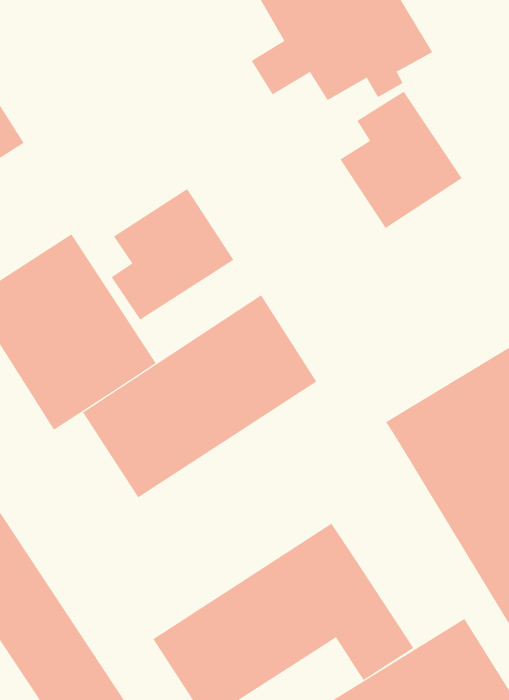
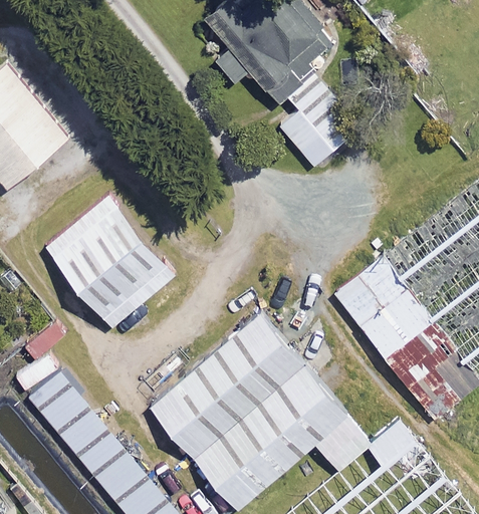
building: [111,188,234,320] -> none
building: [82,295,317,498] -> [150,314,303,460]

